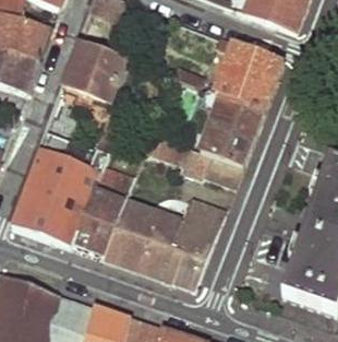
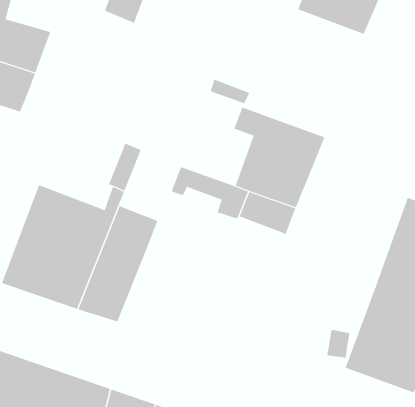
building: [207,35,282,110] -> none
building: [62,42,125,103] -> none
building: [101,198,225,287] -> none

